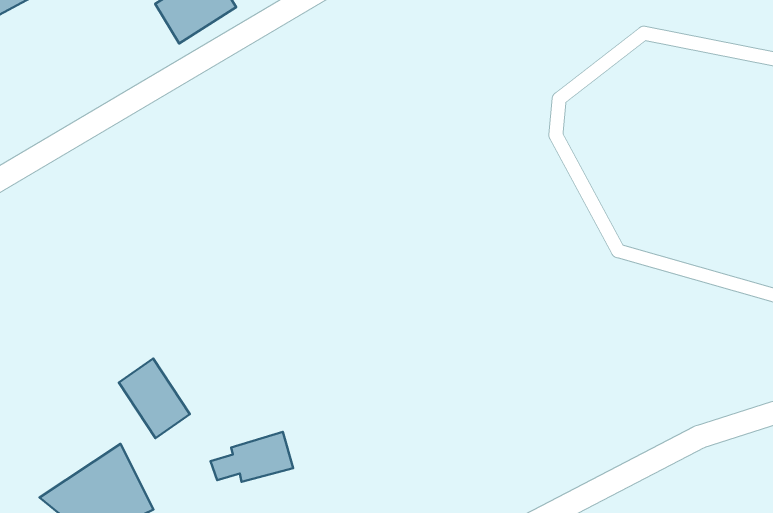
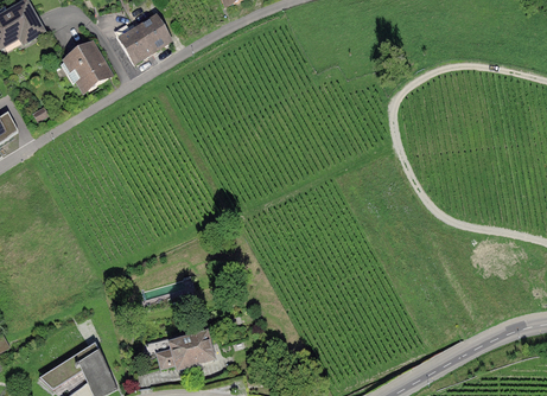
building: none -> [62,41,113,94]
building: [119,359,190,438] -> none

